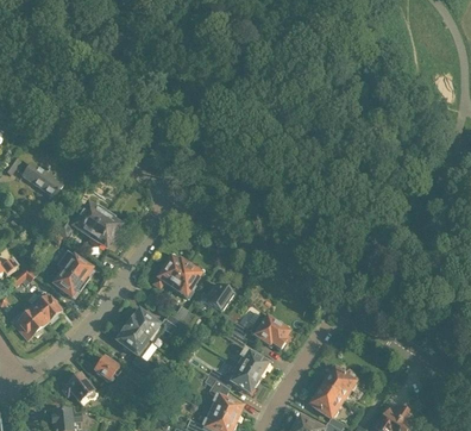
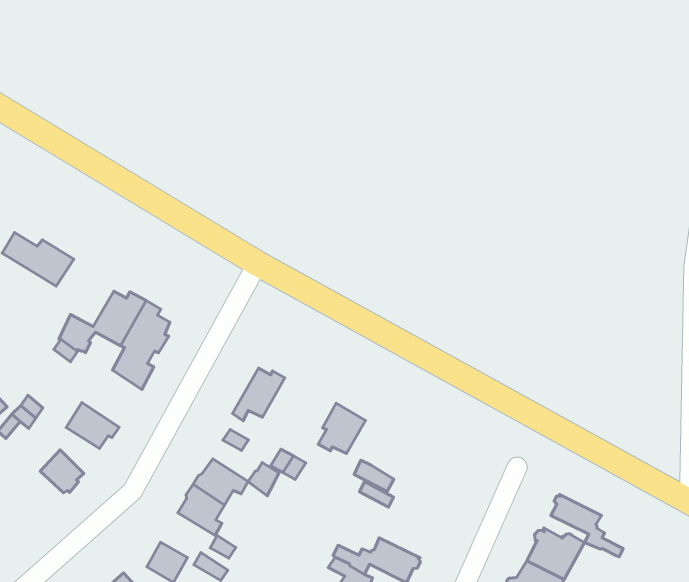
building: [57,249,93,285] -> none
building: [171,263,200,298] -> none
building: [14,302,48,338] -> none
building: [249,311,289,349] -> none
building: none -> [551,495,623,557]
building: [236,348,268,379] -> none

